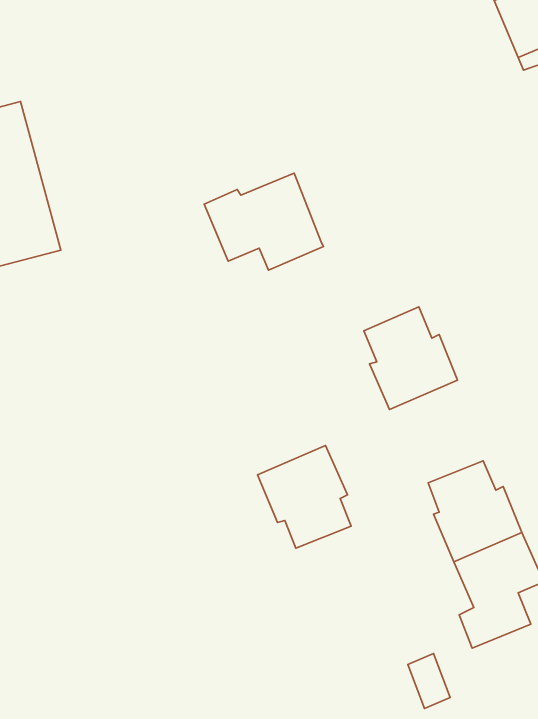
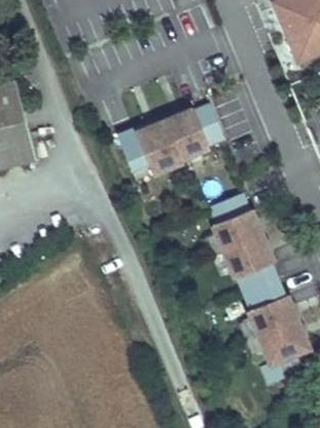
building: none -> [169,103,225,156]
building: [257,445,351,548] -> [222,233,275,290]

